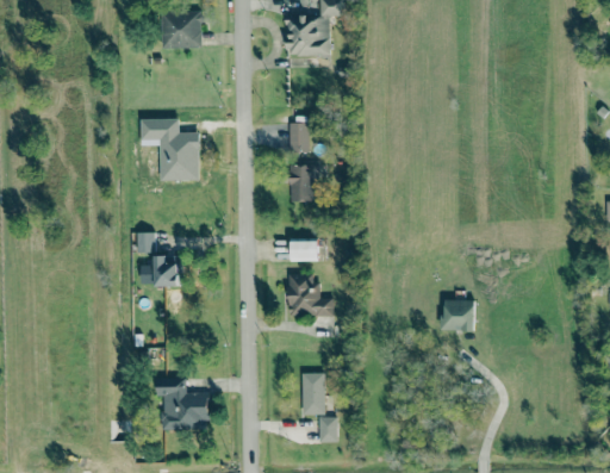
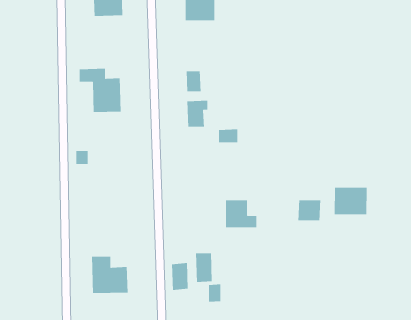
building: [291,241,318,261] -> [218,129,238,143]
building: [155,256,182,286] -> none
building: [288,276,332,316] -> [225,200,257,228]
building: none -> [334,187,367,215]
building: none -> [171,262,189,291]

